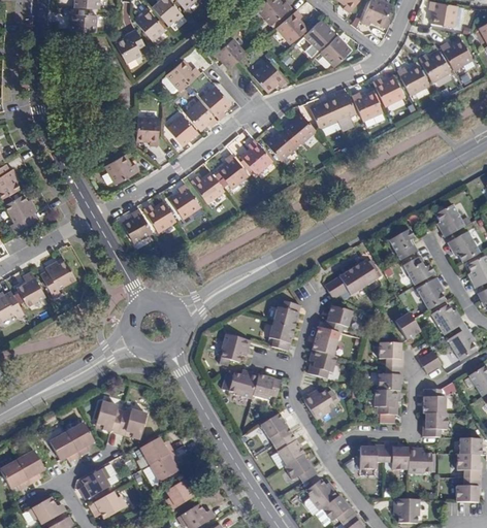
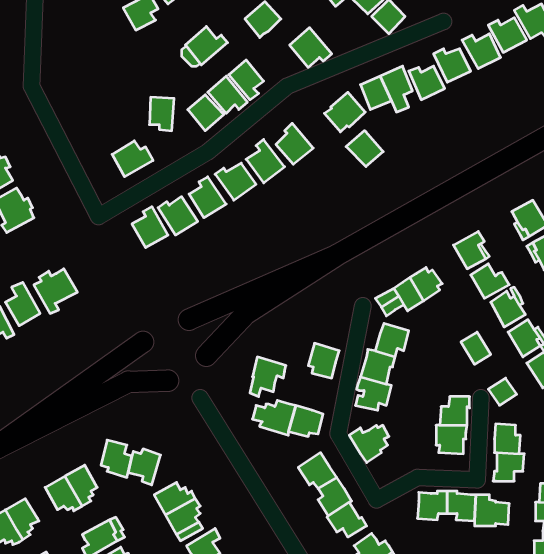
building: [264,130,295,160] -> [346,131,383,167]
building: [272,302,299,328] -> none
building: [378,342,401,366] -> none

